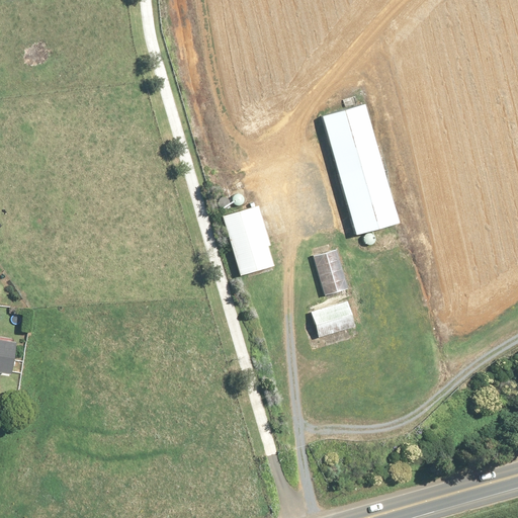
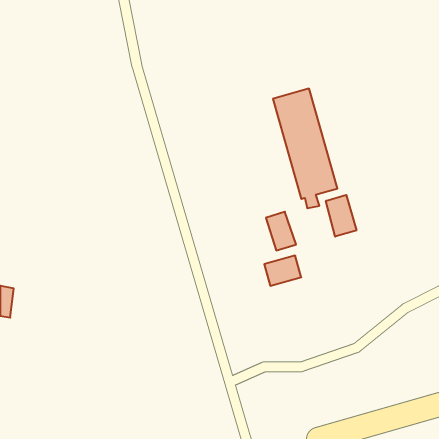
building: [223,204,277,274] -> none
building: none -> [326,195,356,237]

